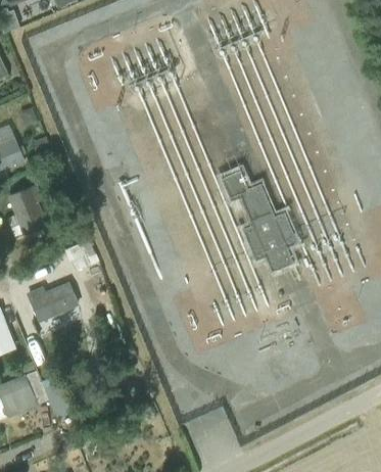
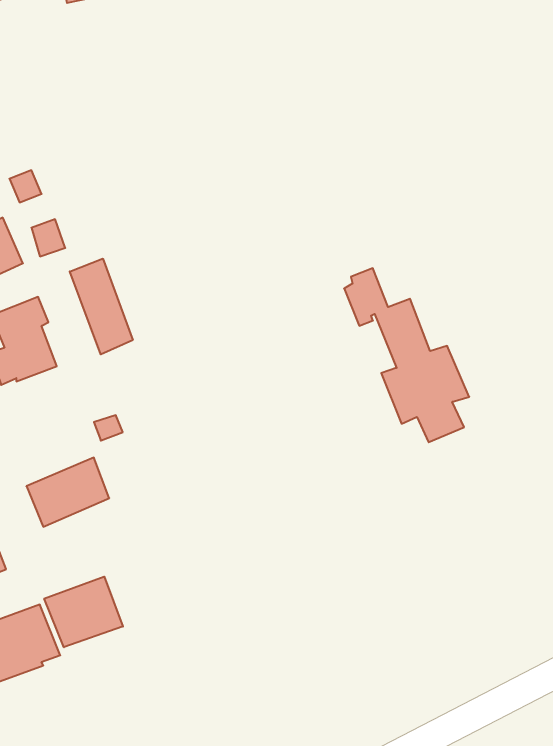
building: none -> [70,259,133,354]
building: none -> [44,577,123,647]

